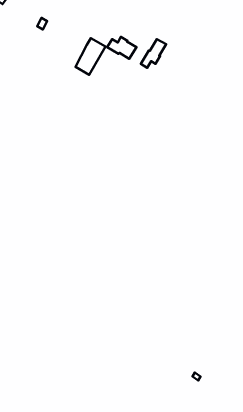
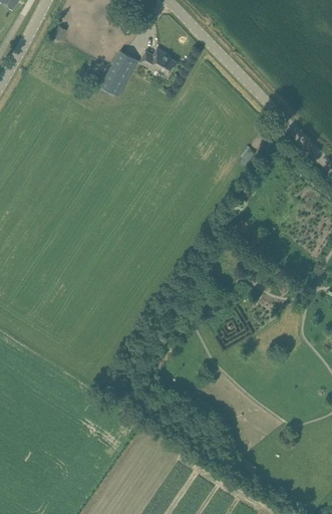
building: [141,39,166,68] -> none

